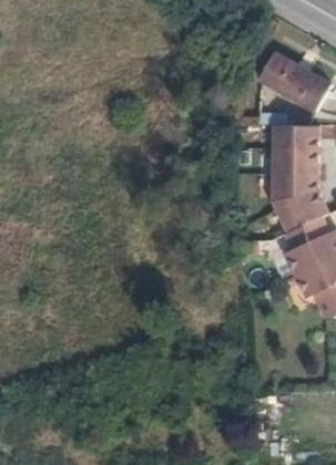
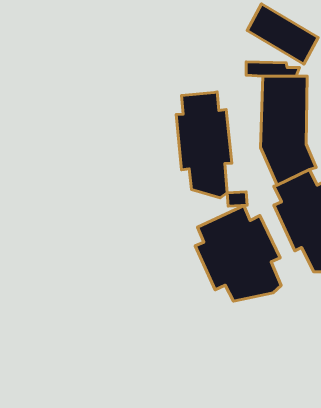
building: none -> [176,92,232,198]
building: none -> [195,205,281,301]

